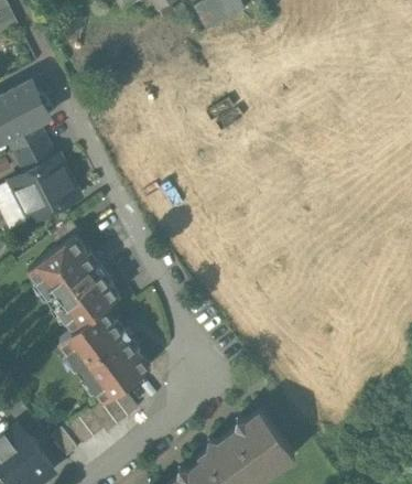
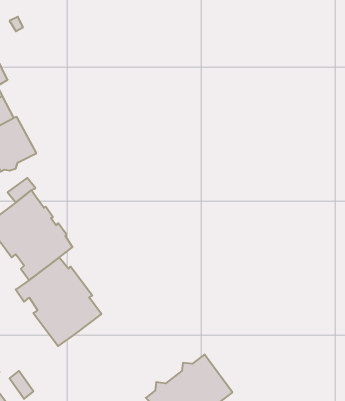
building: [67,388,138,445] -> none

